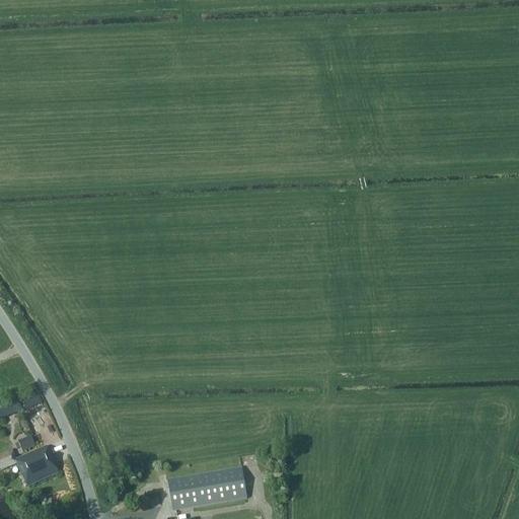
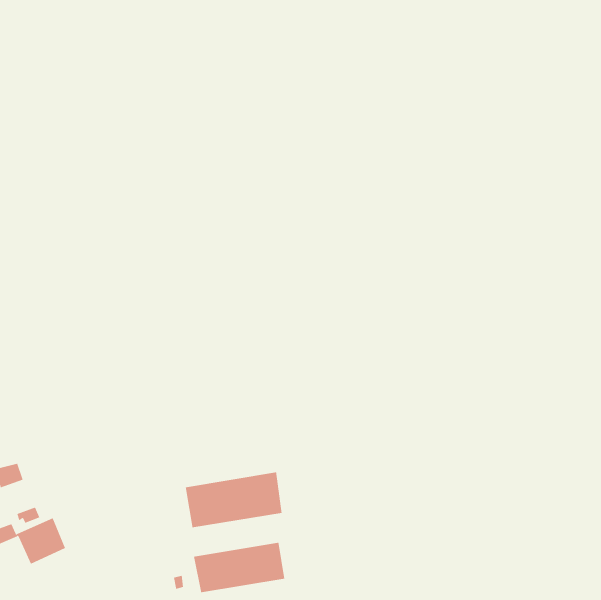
building: none -> [185,472,282,528]

